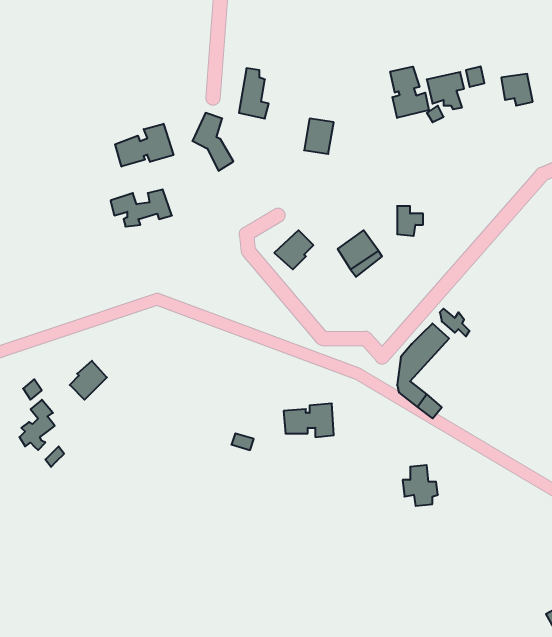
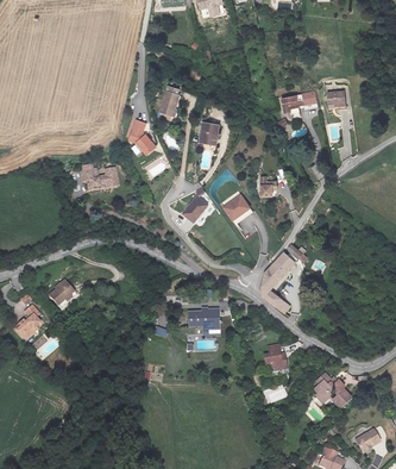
building: [390,67,429,118] -> none
building: [115,124,173,167] -> none
building: none -> [314,370,351,406]

